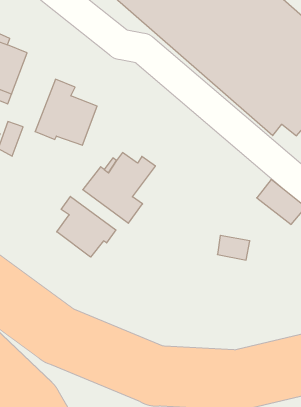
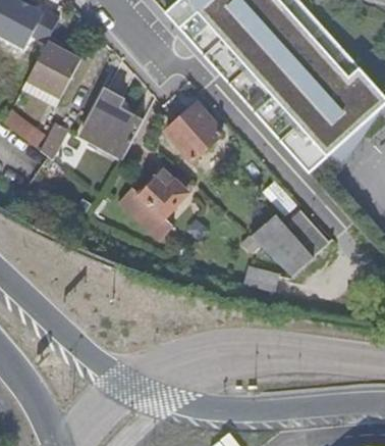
building: none -> [166,103,222,158]
building: none -> [257,220,318,282]
building: [57,196,116,257] -> none

